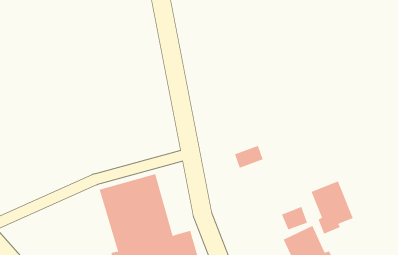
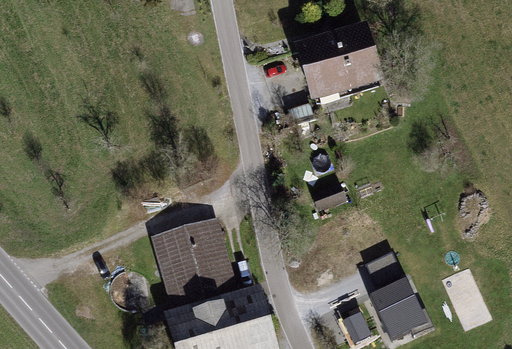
building: none -> [294,21,386,102]
building: [311,181,354,234] -> none

